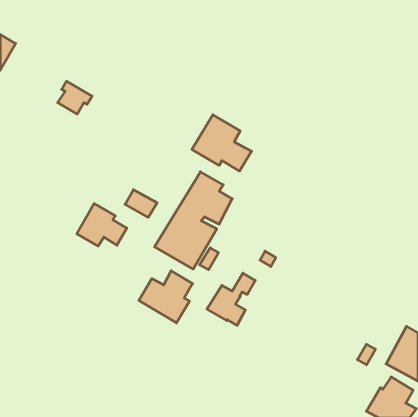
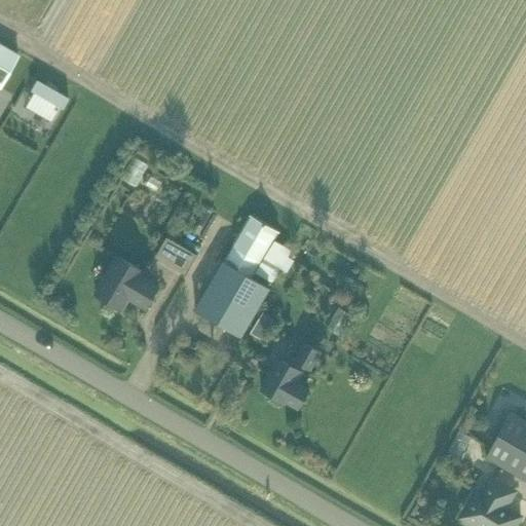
building: [58,81,92,114] -> [25,81,68,122]
building: [192,115,252,171] -> none
building: [139,271,193,323] -> none

